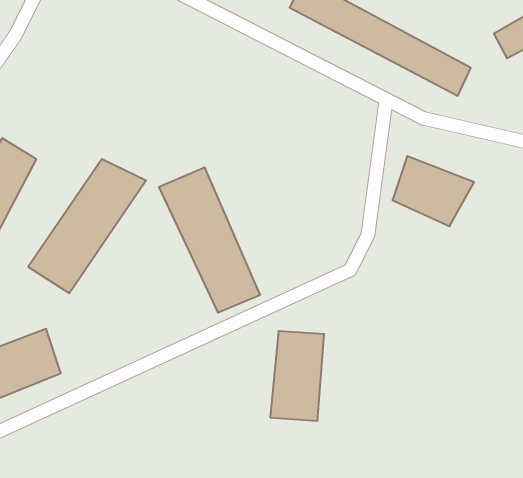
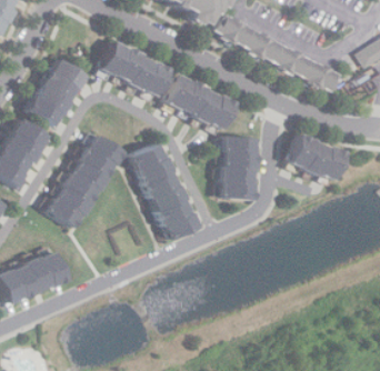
building: none -> [99,39,176,98]
building: none -> [28,59,88,127]
building: none -> [168,73,234,130]
building: [270,331,324,421] -> [218,138,254,199]

